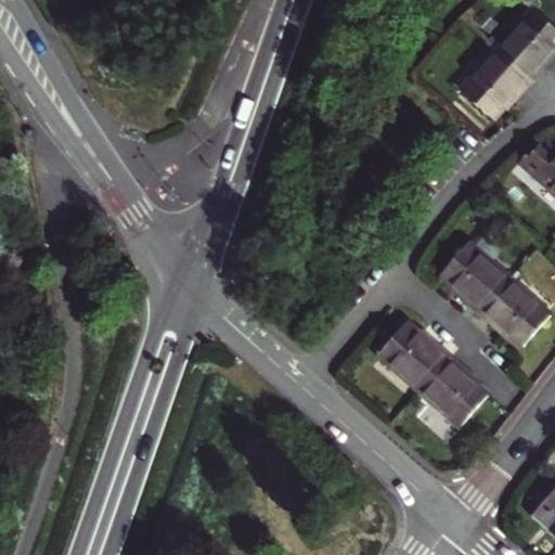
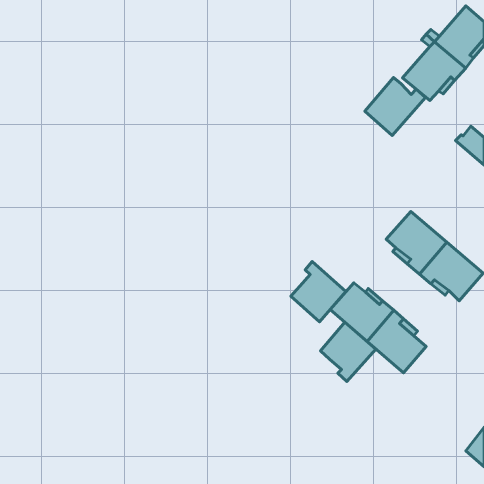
building: none -> [365,78,425,136]
building: none -> [291,262,346,322]
building: none -> [321,322,376,382]

